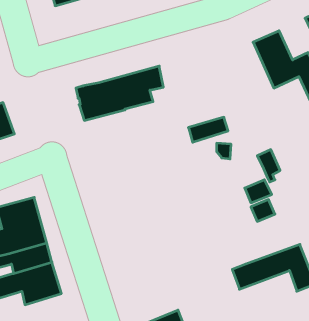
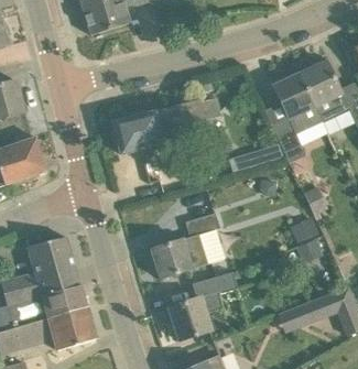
building: none -> [270,73,321,153]
building: none -> [150,213,225,279]
building: none -> [167,271,237,339]

